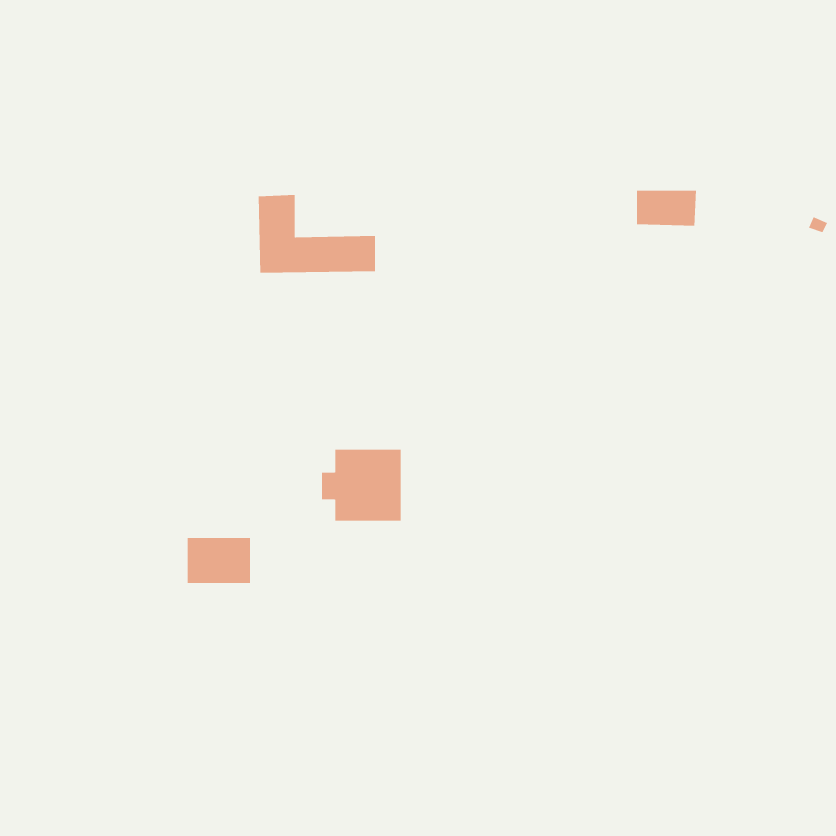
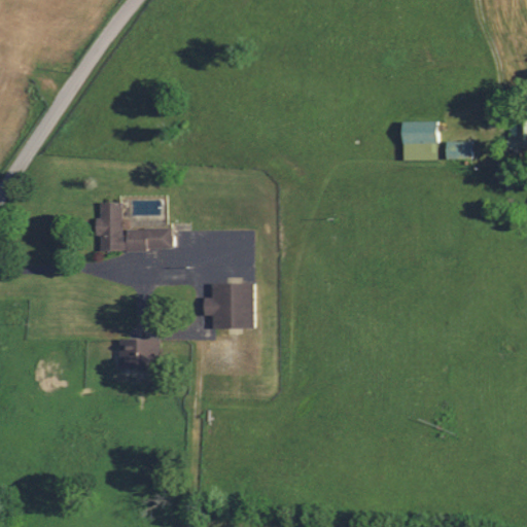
building: [258,194,376,273] -> [97,202,171,251]
building: none -> [445,141,470,157]

